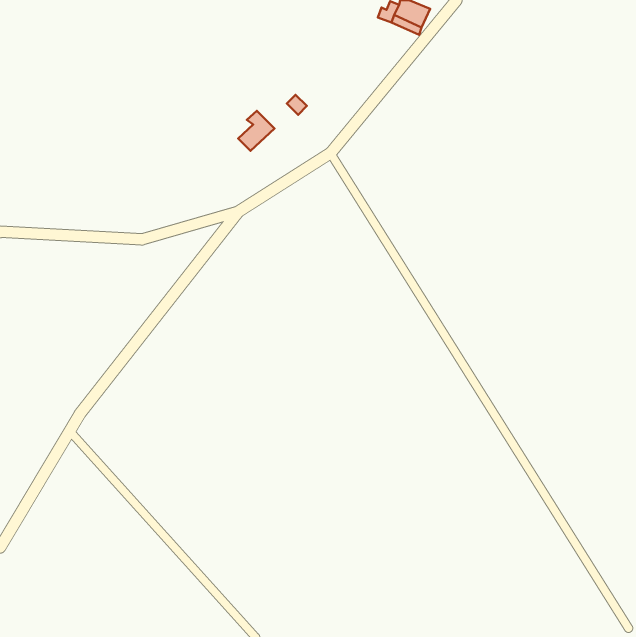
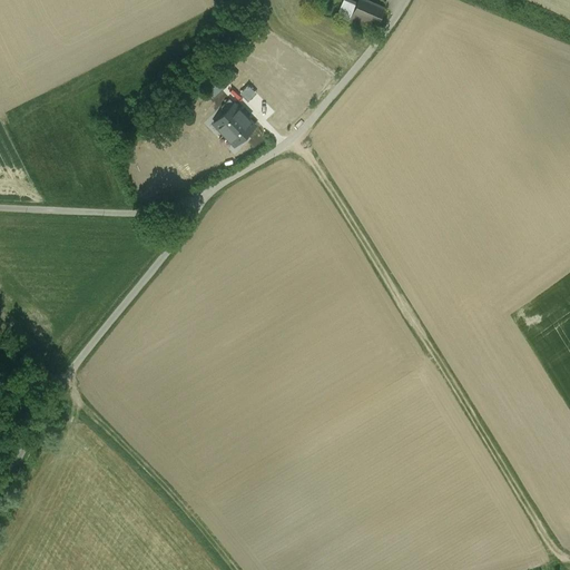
building: none -> [225,115,256,146]

